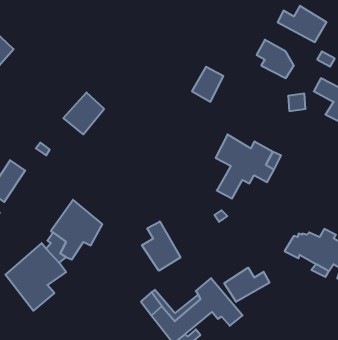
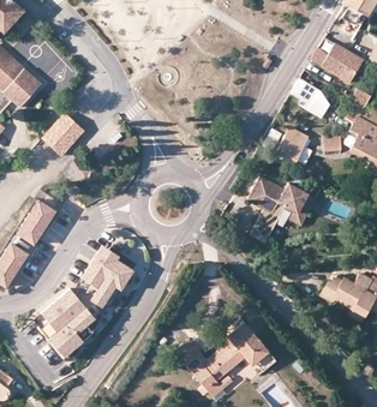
building: [192,67,223,102] -> [277,127,310,163]
building: [63,92,104,134] -> [42,114,84,157]
building: [142,221,180,271] -> none
building: [224,268,269,302] -> none

